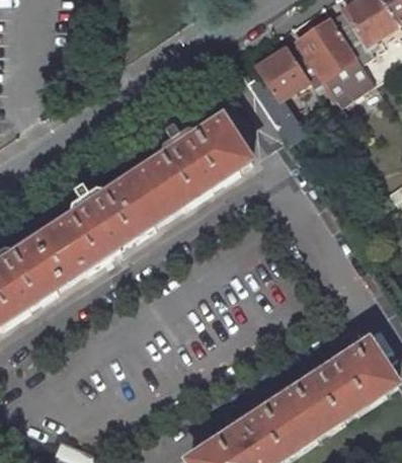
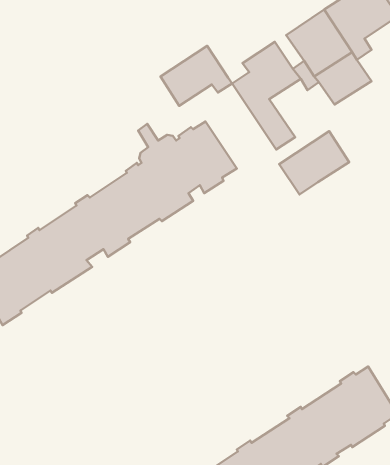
building: none -> [161,46,232,106]
building: none -> [279,131,349,194]

